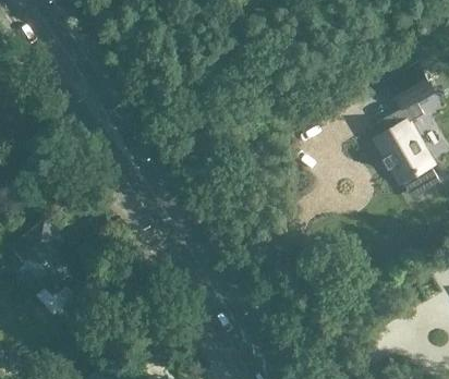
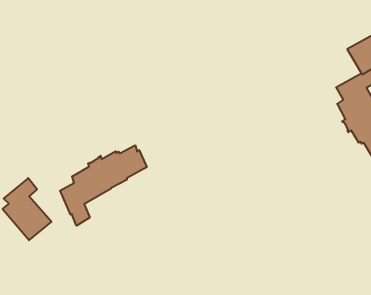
building: none -> [60,145,147,226]

